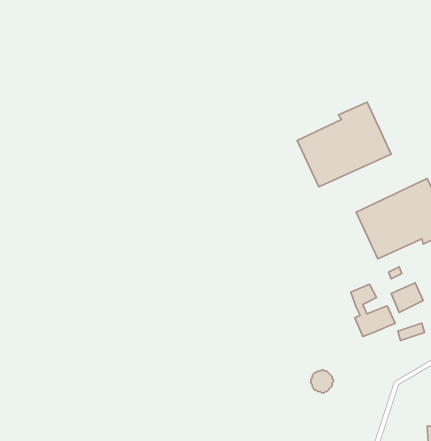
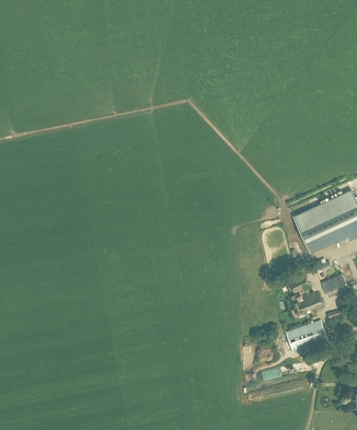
building: [297,102,391,187] -> none
building: none -> [285,318,327,352]

